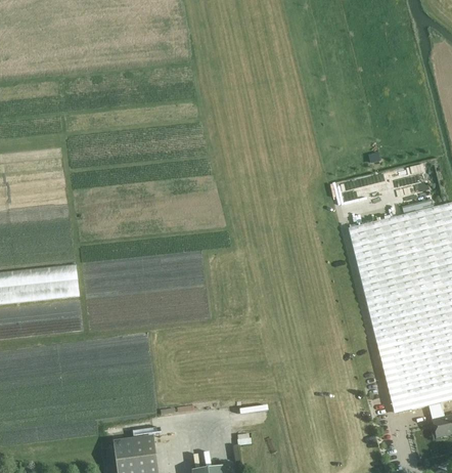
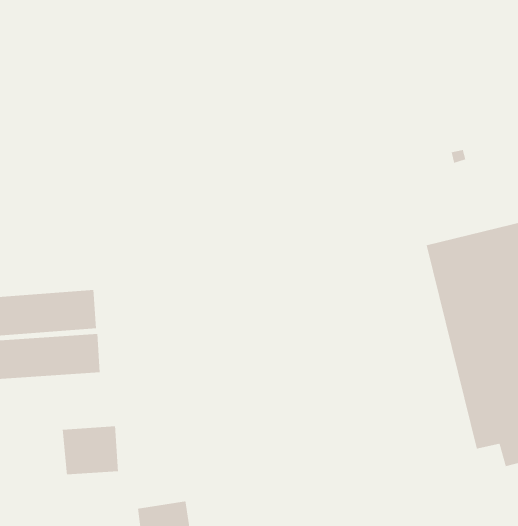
building: none -> [62,426,119,475]

